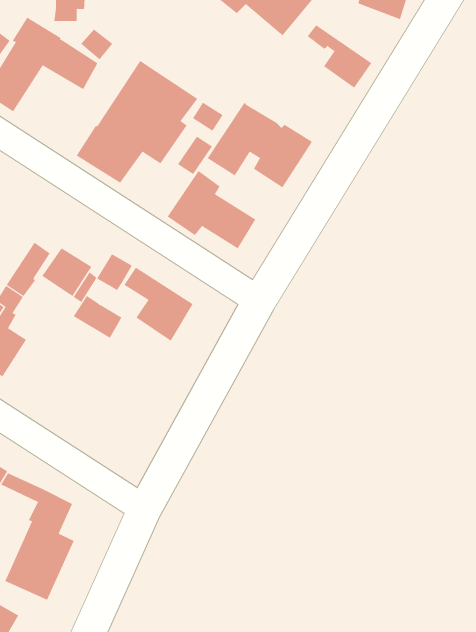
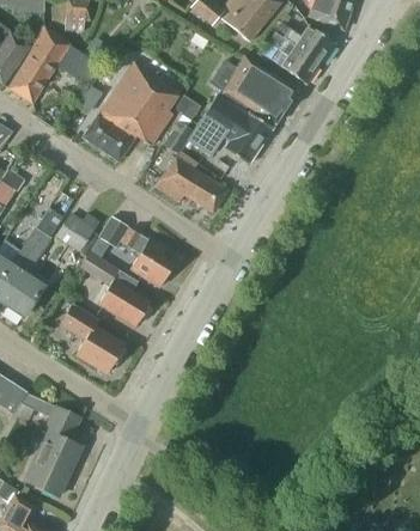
building: none -> [275,22,335,63]
building: none -> [213,56,298,123]
building: none -> [99,270,151,326]
building: none -> [60,304,124,373]

